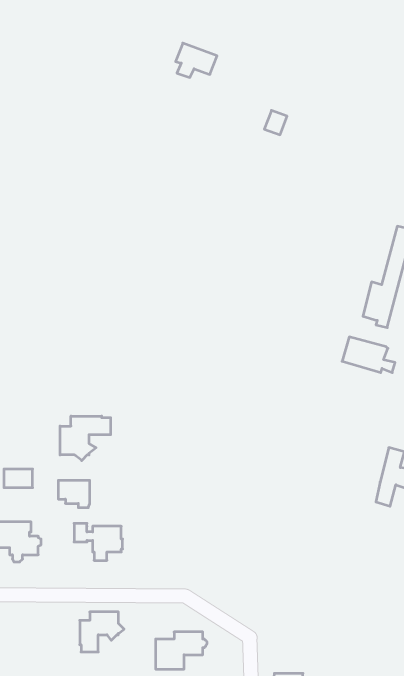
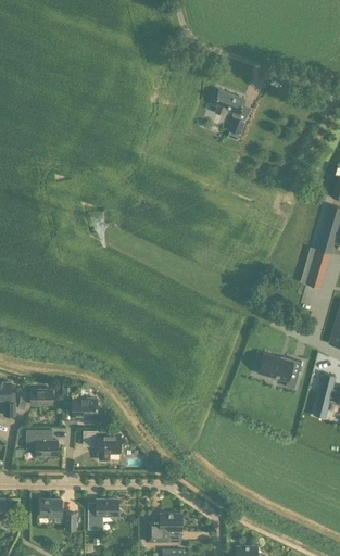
building: [176,43,217,77] -> [213,89,244,115]
building: [342,337,395,373] -> [257,353,298,380]
building: [60,416,111,461] -> none
building: none -> [39,497,75,529]

